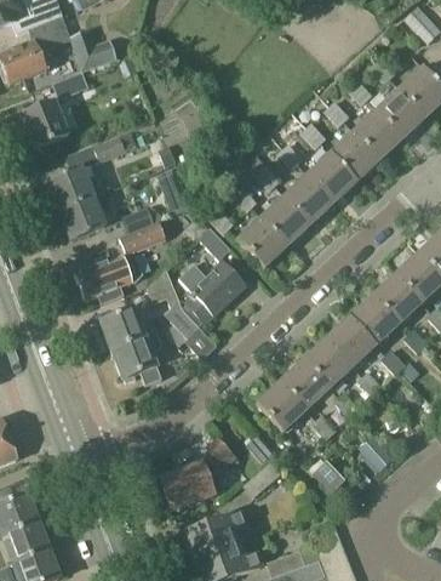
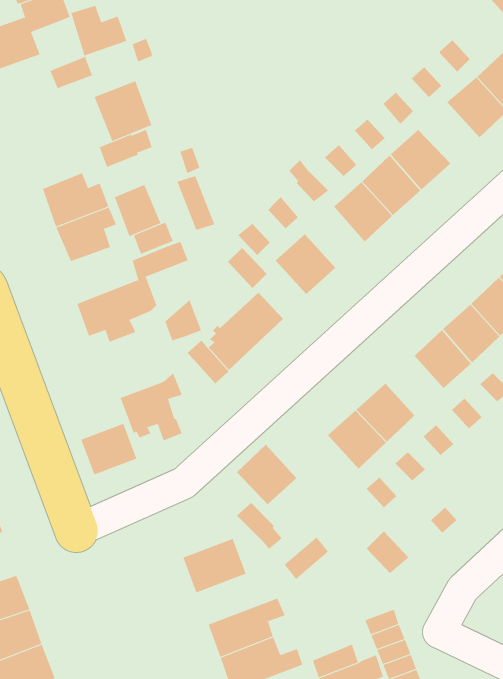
building: [21,99,68,149] -> [94,81,152,142]
building: [353,109,402,159] -> none
building: none -> [114,184,161,237]
building: [260,194,309,244] -> none
building: [99,307,145,349] -> [80,423,137,475]
building: [326,315,373,364] -> none
building: [254,380,304,429] -> [236,444,297,505]

